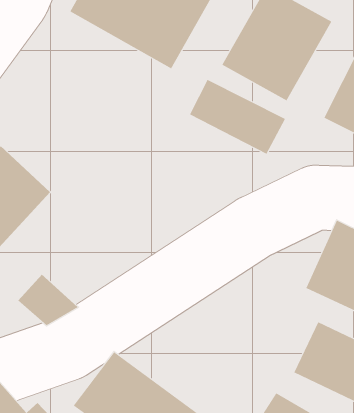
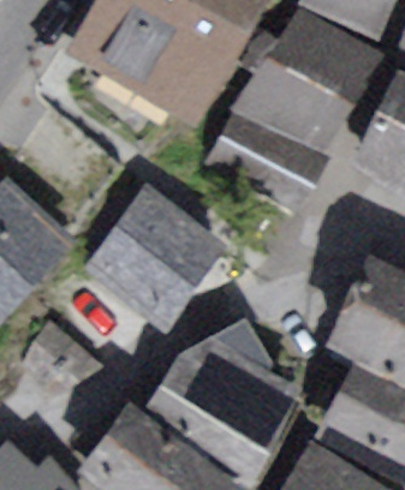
building: none -> [95,192,215,315]
building: none -> [155,333,294,470]

